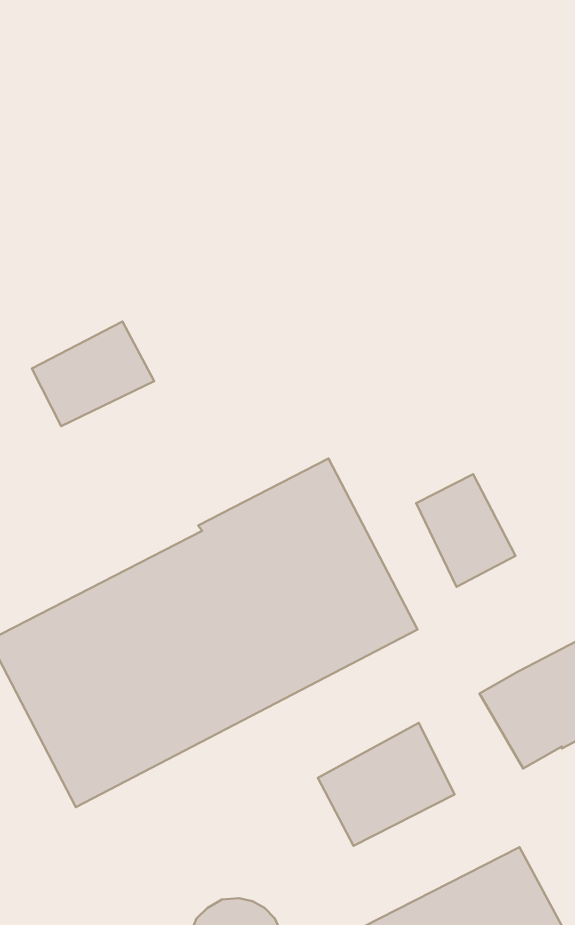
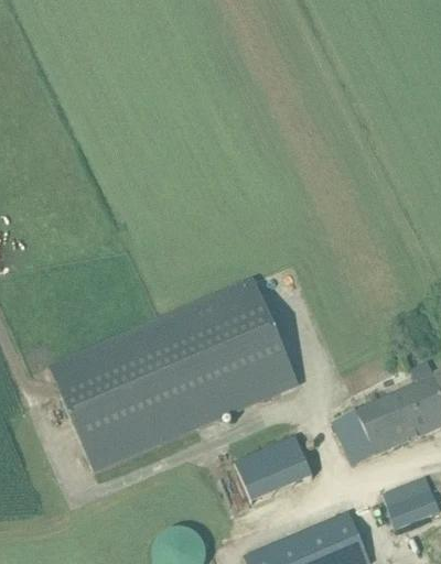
building: [32,321,154,426] -> none
building: [416,474,516,587] -> none

